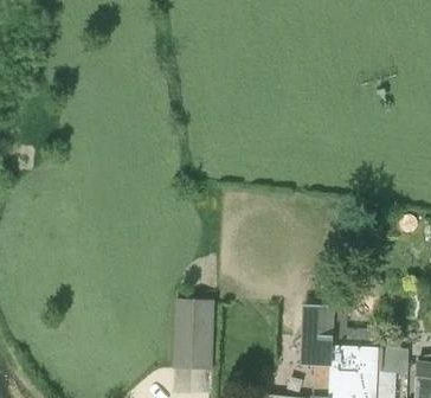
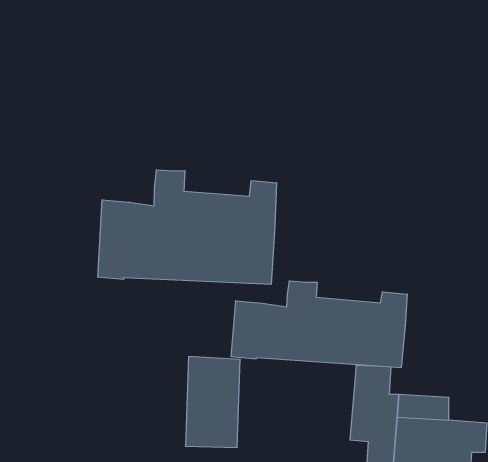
building: none -> [98,170,277,284]
building: none -> [231,281,407,368]

